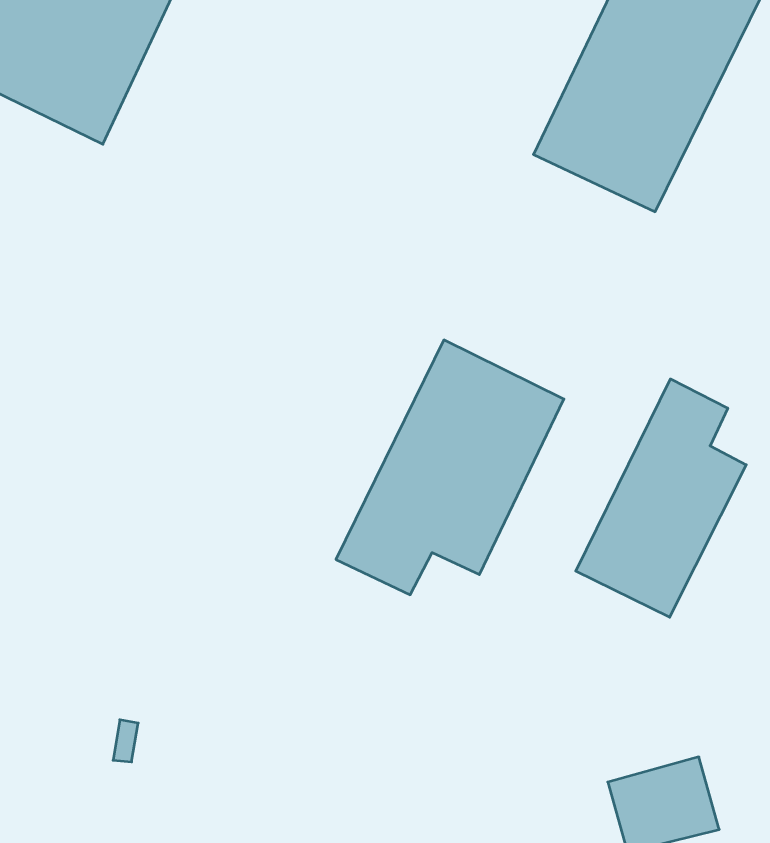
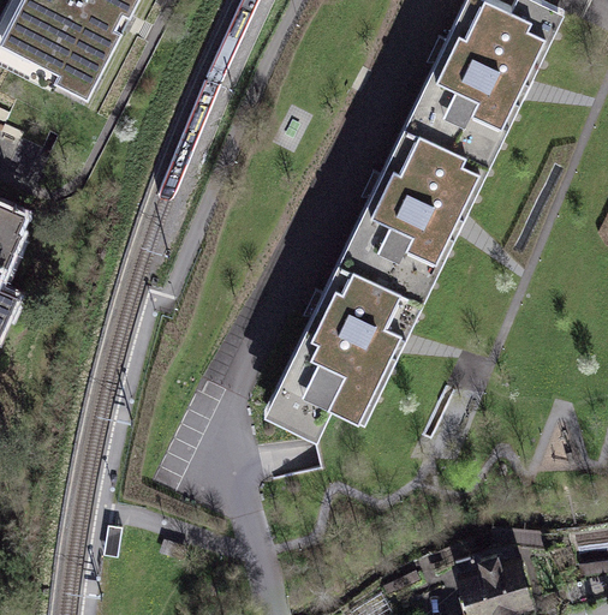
building: none -> [342,117,493,291]
building: [576,379,746,617] -> none

